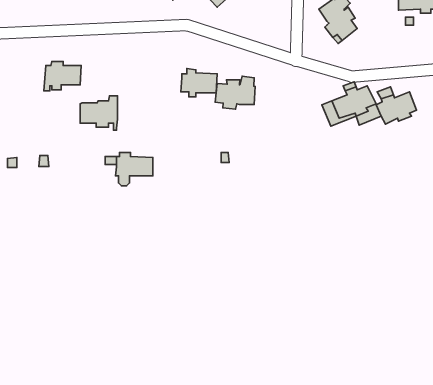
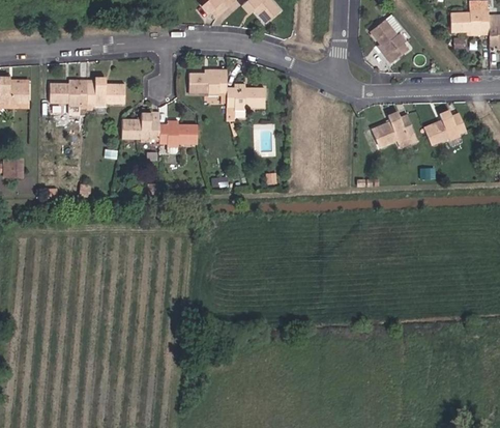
building: none -> [189,72,228,102]
building: none -> [49,80,88,110]
building: [215,76,255,109] -> none
building: [115,153,153,186] -> [160,124,199,159]

